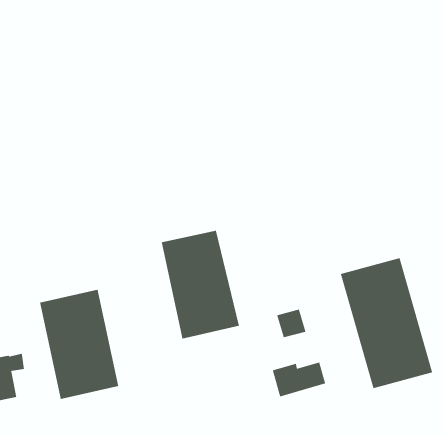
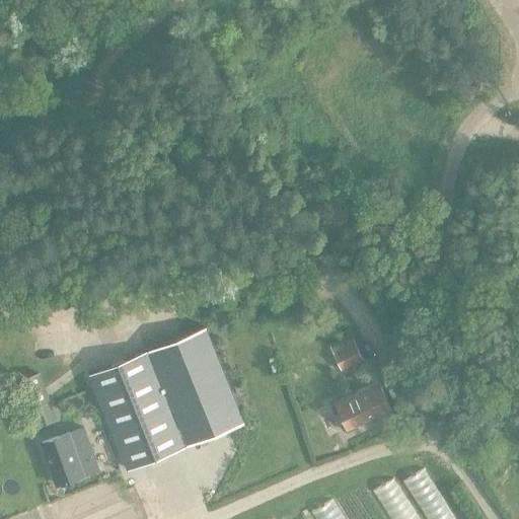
building: [161,230,240,340] -> [148,331,241,447]
building: [340,257,433,389] -> none

